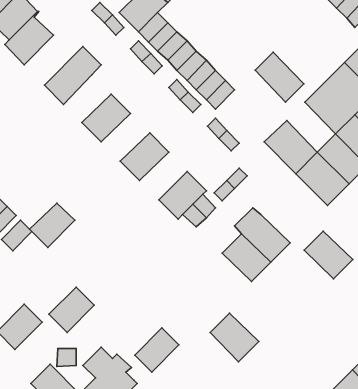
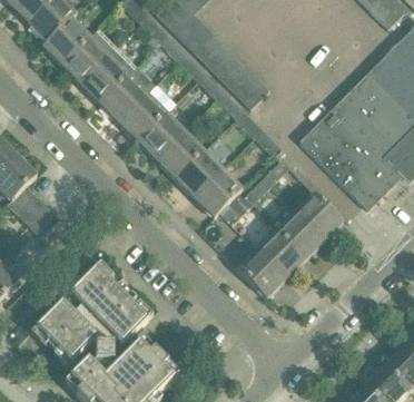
building: none -> [63,28,121,86]
building: [255,52,304,102] -> [322,102,369,151]
building: none -> [102,76,149,122]
building: none -> [139,114,187,160]
building: none -> [177,151,224,198]
building: [30,203,75,247] -> [70,267,115,311]
building: [304,231,353,279] -> [296,194,344,241]
building: [210,313,259,362] -> [239,251,287,298]
building: none -> [55,318,99,362]
building: [135,328,179,372] -> [106,302,149,345]

